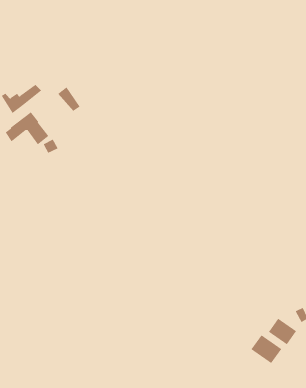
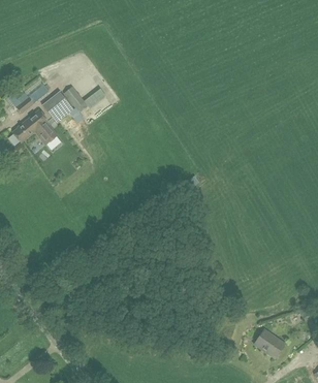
building: none -> [42,91,73,122]
building: [268,318,297,345] -> none

